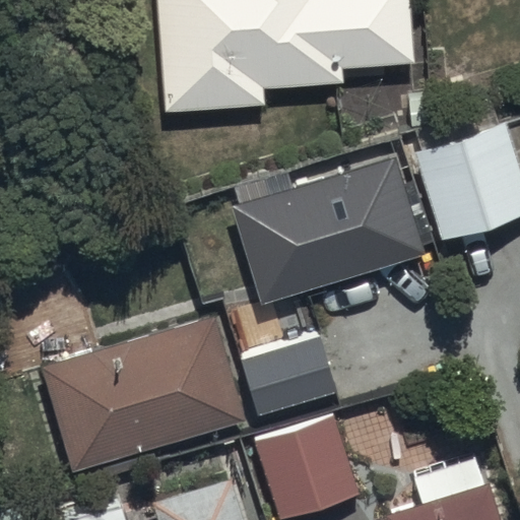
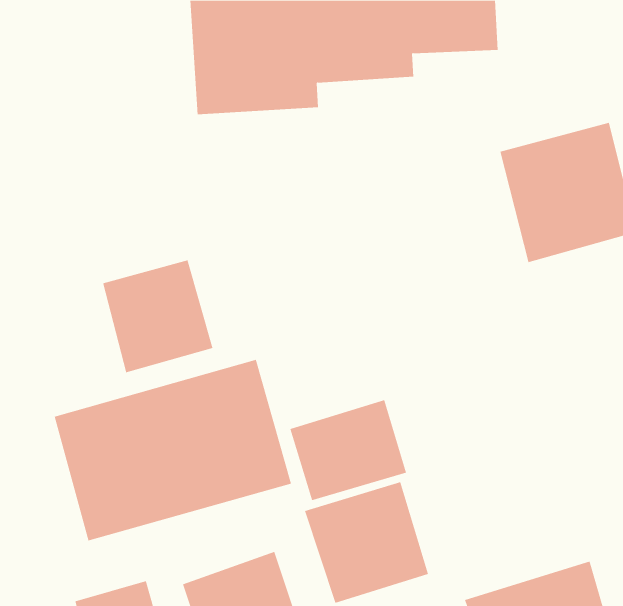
building: [234,173,427,319] -> none
building: none -> [102,260,213,373]

